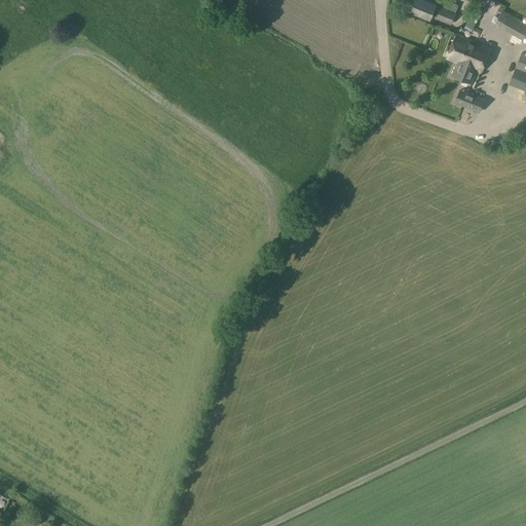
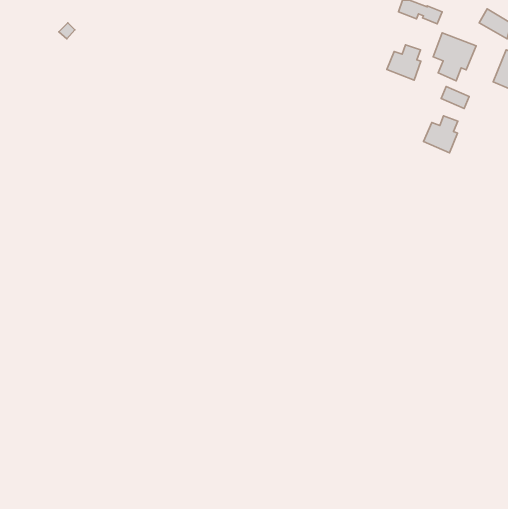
building: none -> [387,45,421,80]
building: none -> [424,116,458,153]

